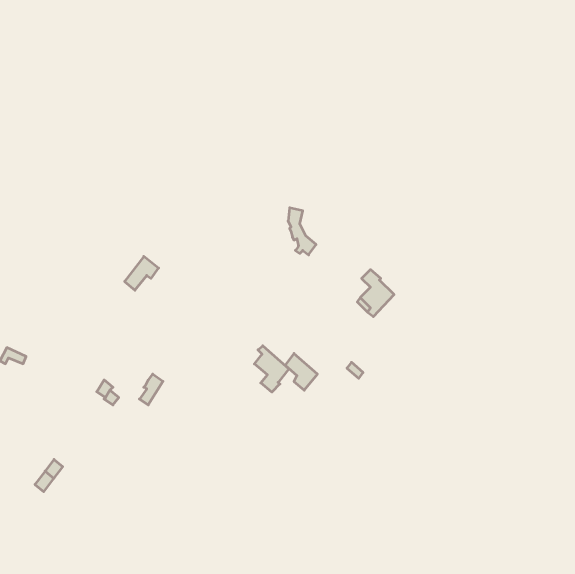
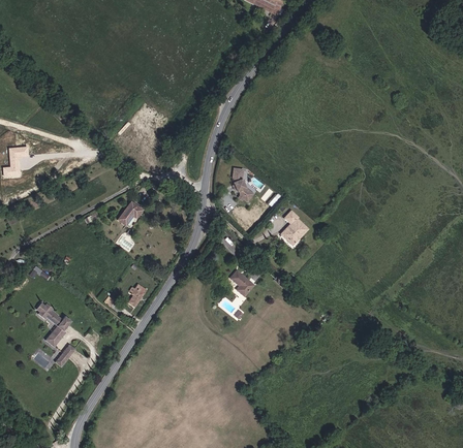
building: [254,346,289,392] -> none
building: none -> [36,302,70,346]

